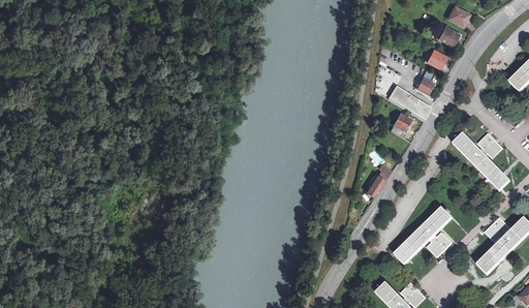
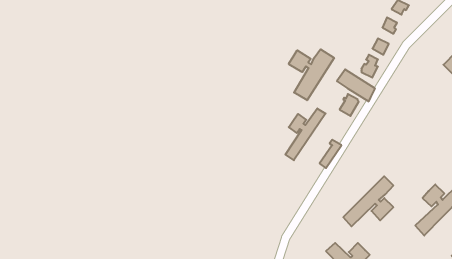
building: none -> [289,49,334,100]
building: none -> [285,108,326,160]
building: [453,132,510,189] -> none

